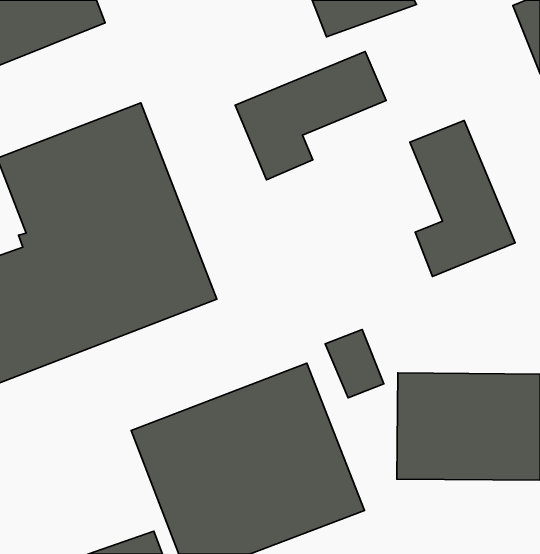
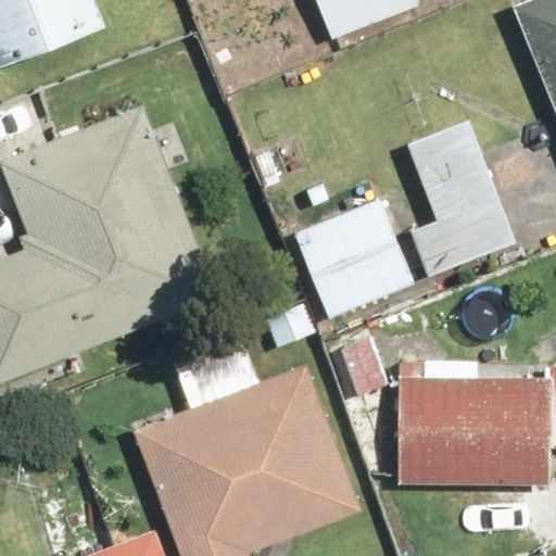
building: [235,52,386,180] -> none
building: none -> [292,200,416,321]

